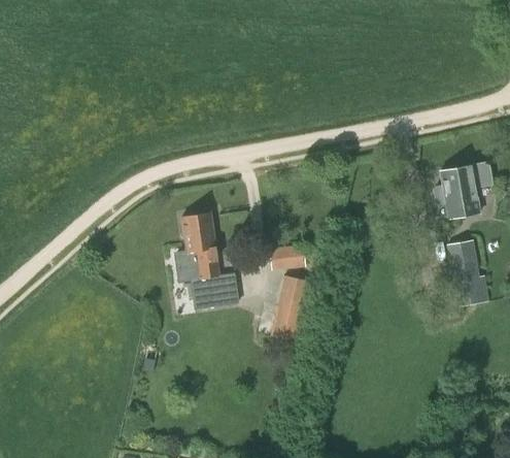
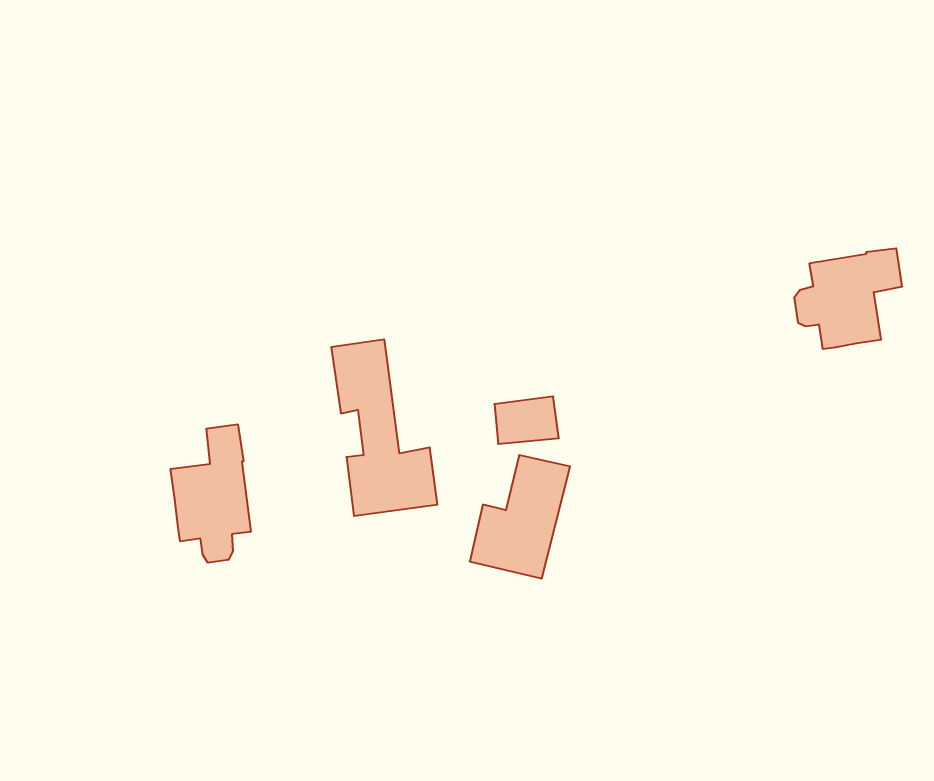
building: [446,240,488,305] -> none
building: none -> [171,424,251,563]

